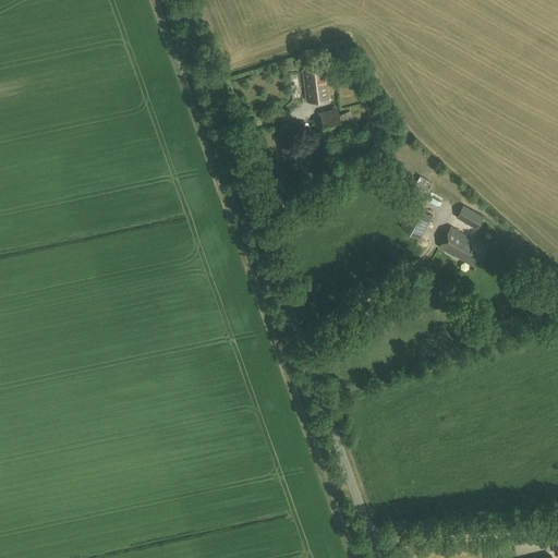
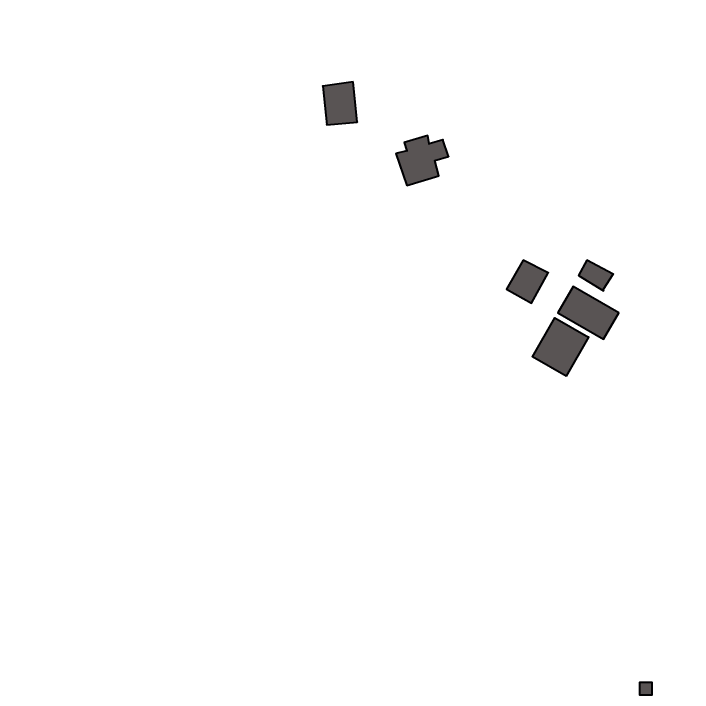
building: [302,68,329,101] -> [323,82,357,125]
building: none -> [532,318,589,376]

